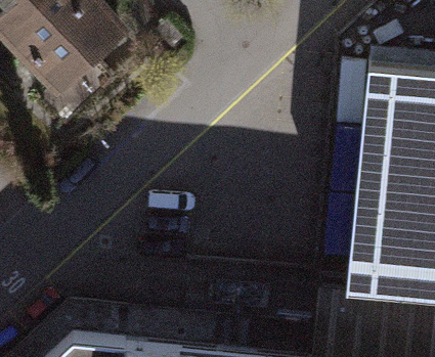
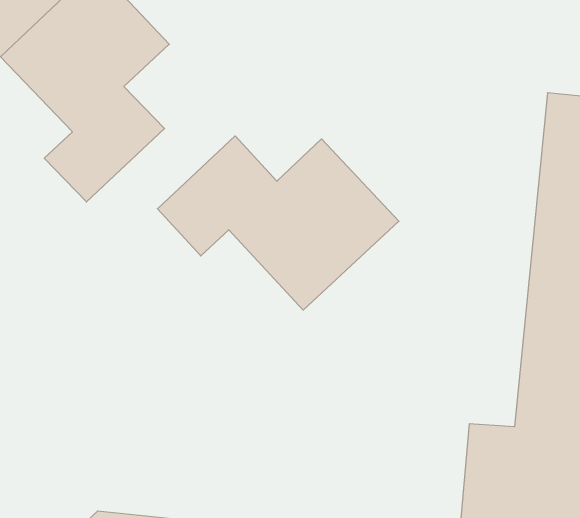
building: none -> [157,136,399,310]

